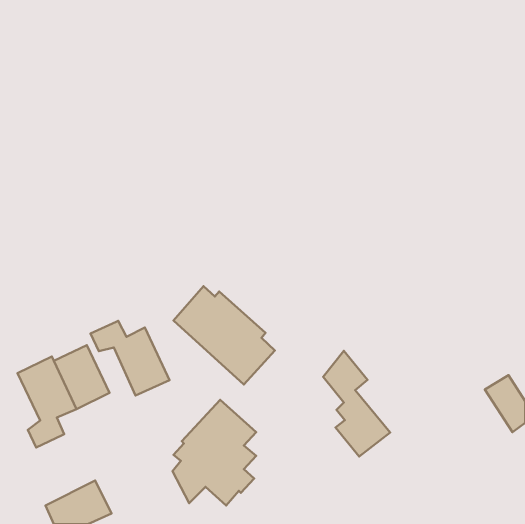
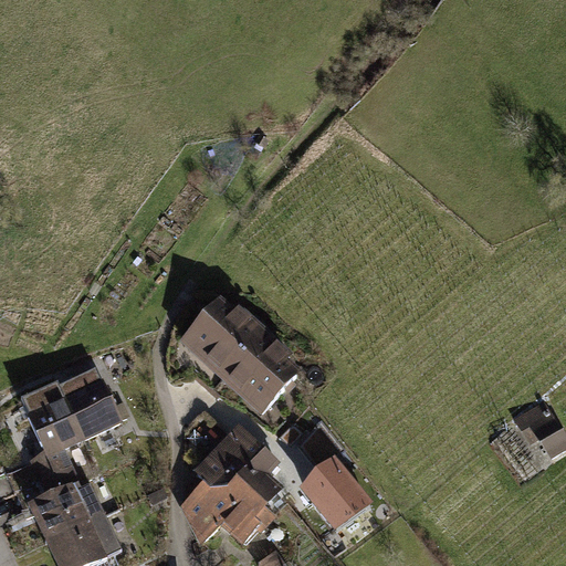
building: [91,321,170,395] -> none
building: [323,351,390,456] -> [296,417,368,530]
building: none -> [30,465,102,541]

